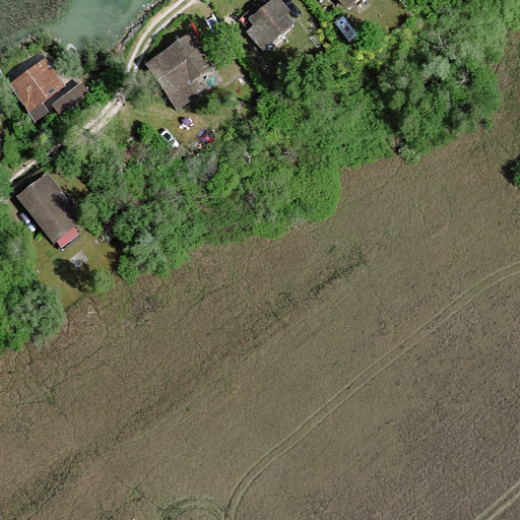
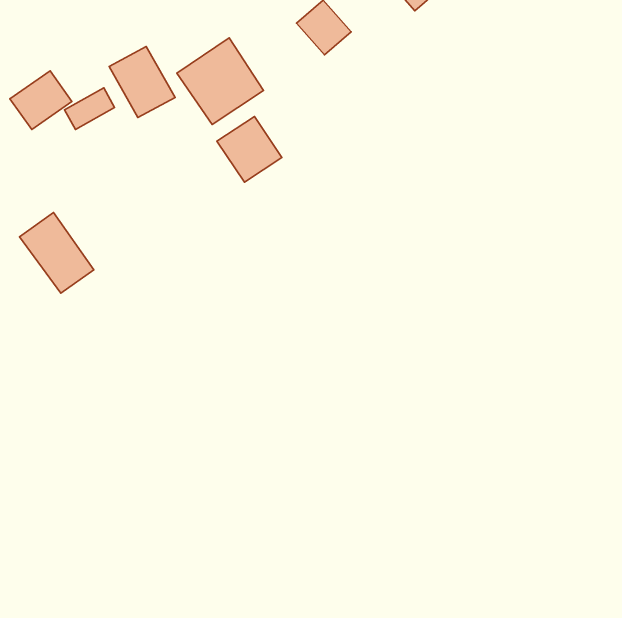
building: none -> [109,46,175,118]
building: none -> [217,117,282,182]

